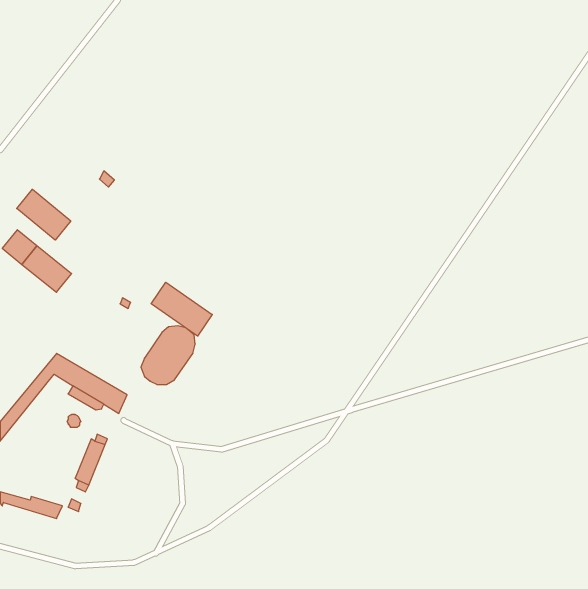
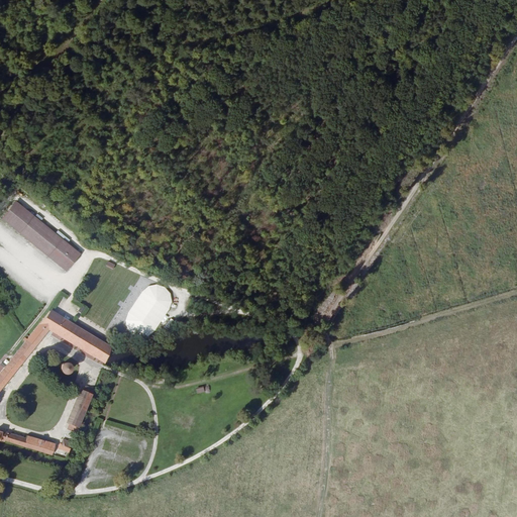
building: [17,189,71,240] -> none
building: none -> [51,240,81,271]
building: [151,282,212,336] -> none

